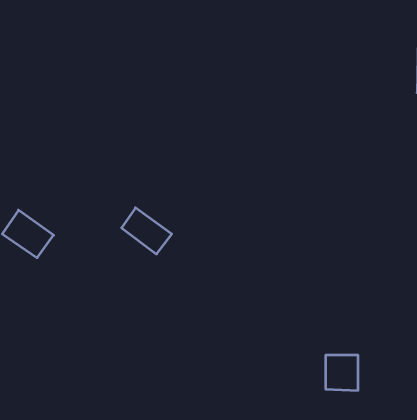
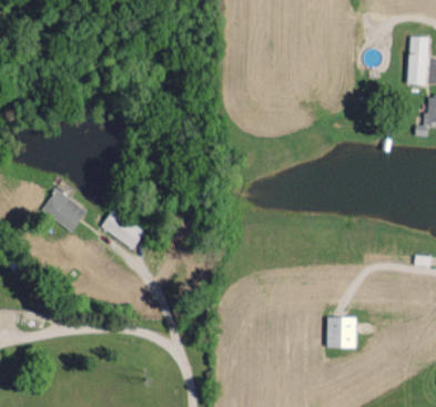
building: [122,208,172,254] -> [101,208,145,250]

